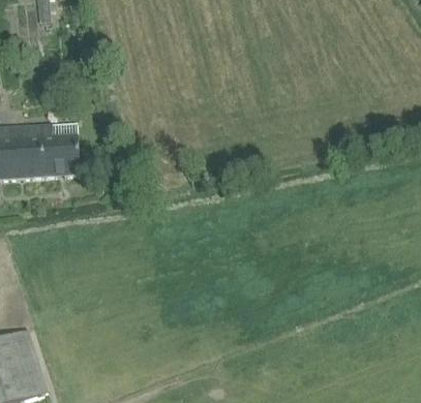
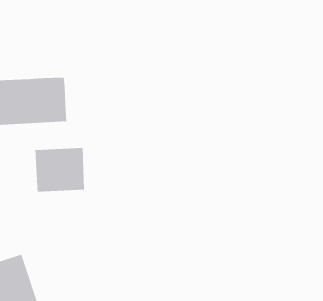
building: none -> [35,147,85,192]

